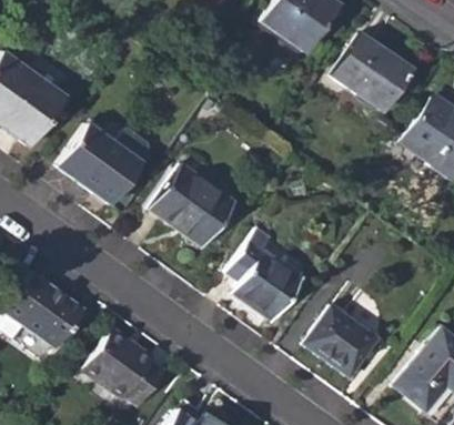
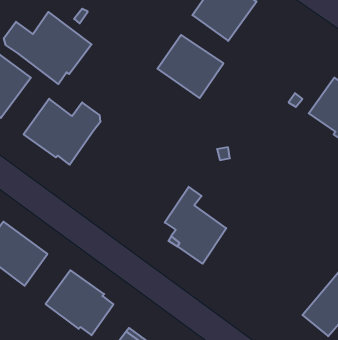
building: none -> [4,12,92,84]
building: [333,34,413,111] -> [157,35,223,98]
building: [150,163,235,246] -> none
building: [305,304,379,376] -> none

